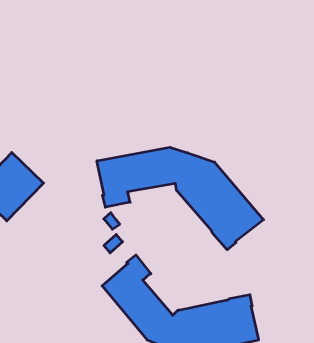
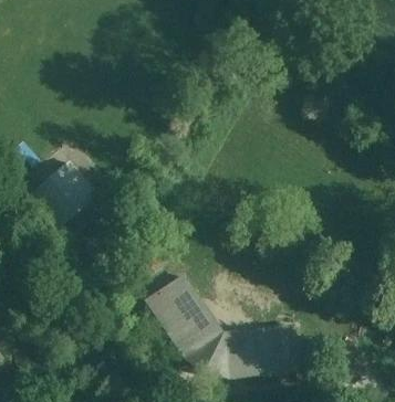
building: [97,147,264,250] -> none

